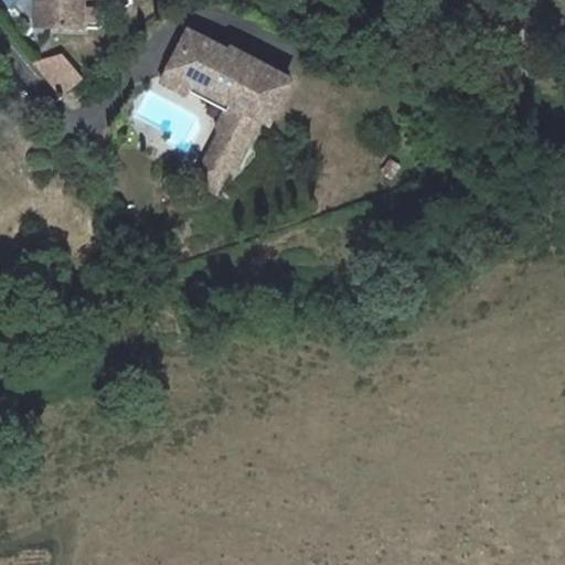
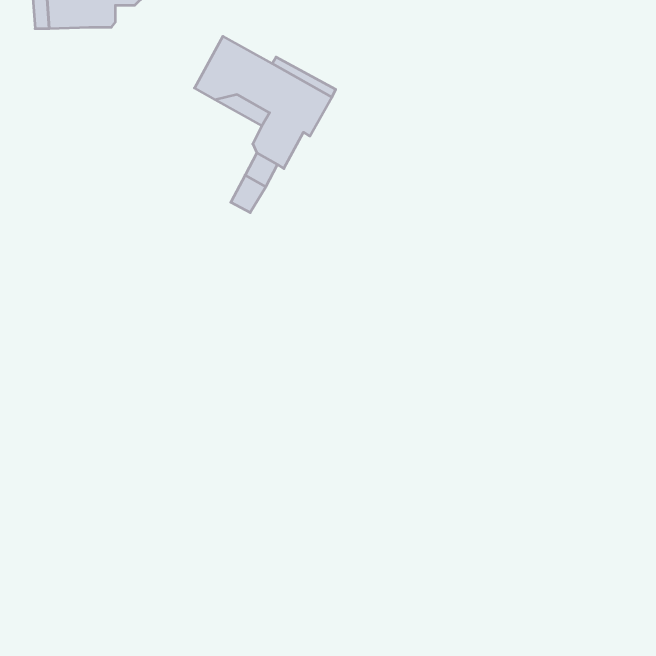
building: [31,50,78,88] -> none

